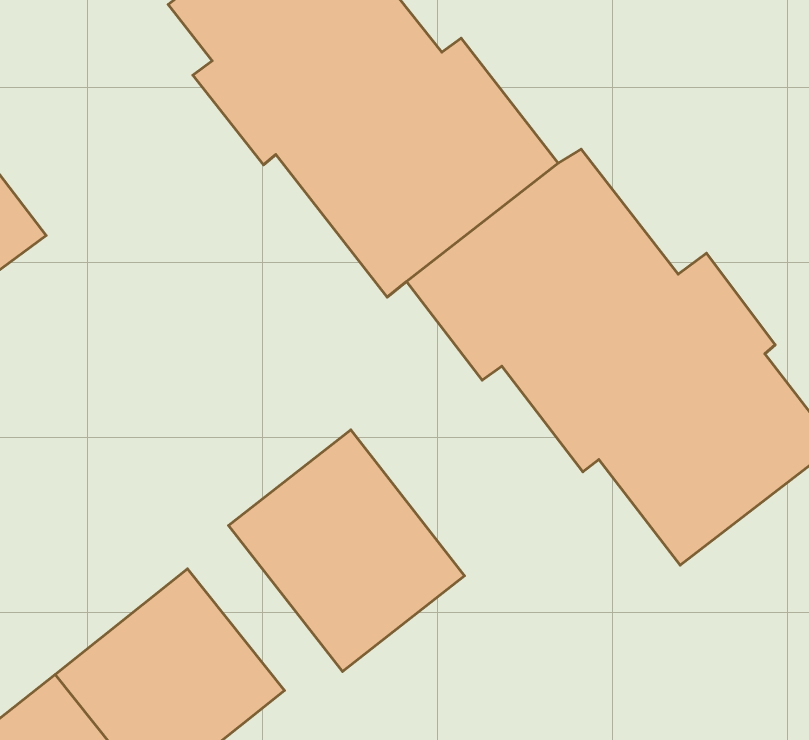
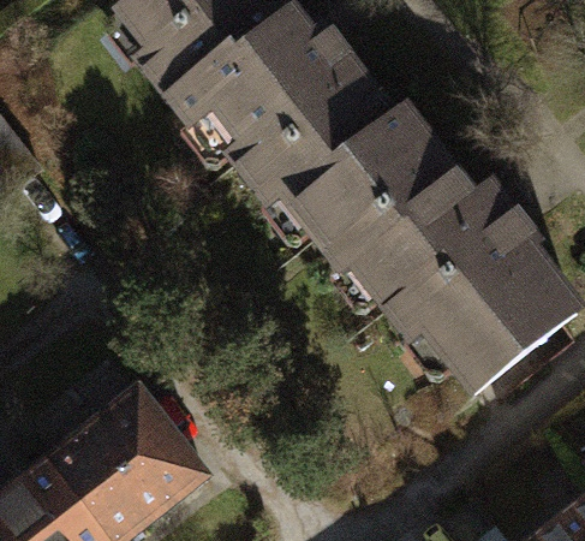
building: [229,430,465,671] -> none

